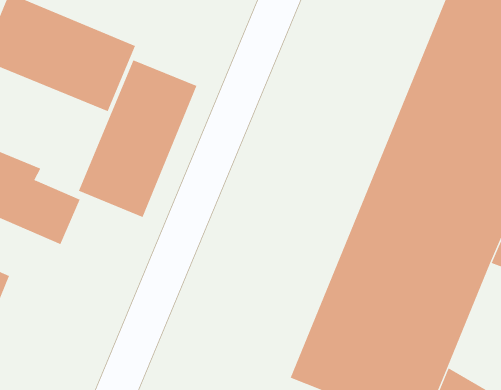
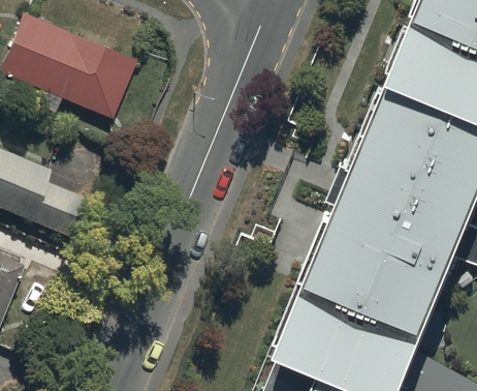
building: [78,60,197,218] -> none

